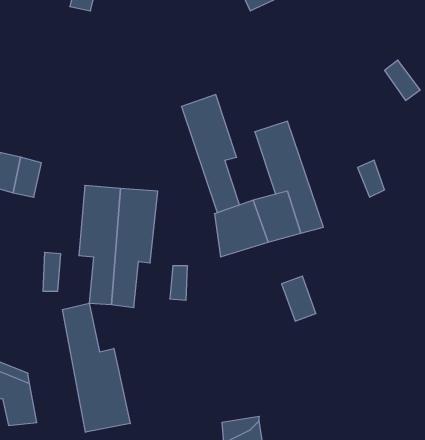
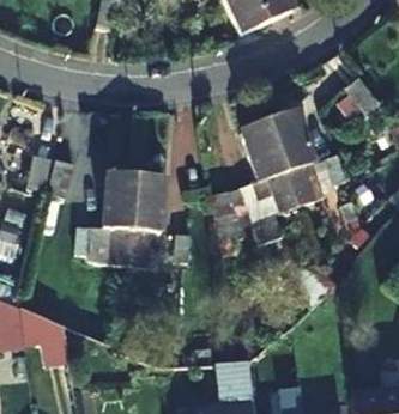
building: [181,95,240,212] -> [270,114,316,208]
building: [62,303,130,432] -> none

